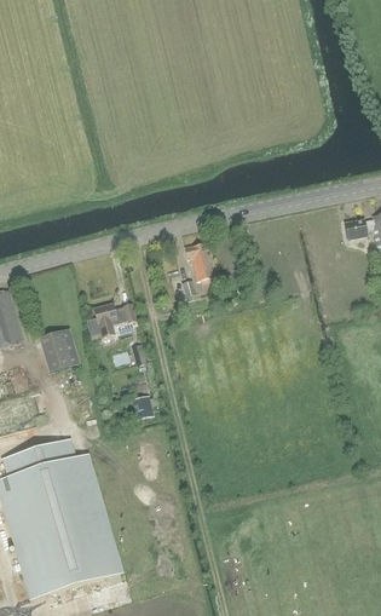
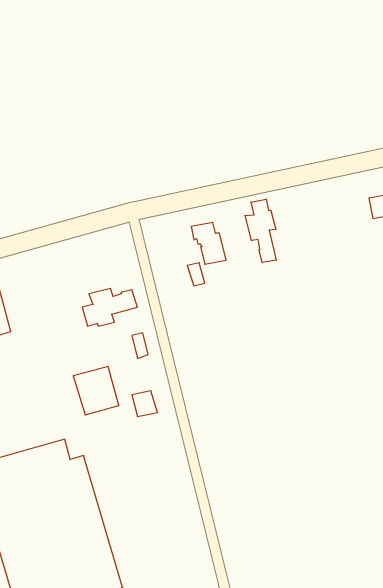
building: none -> [245,199,276,263]
building: [39,328,80,372] -> [73,366,119,415]

